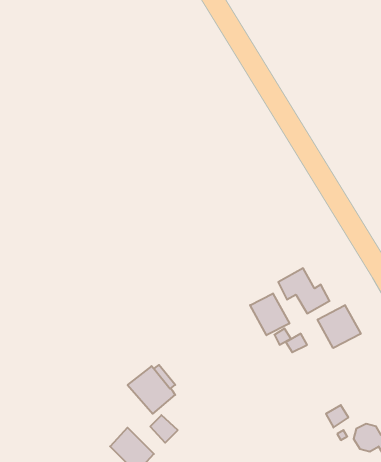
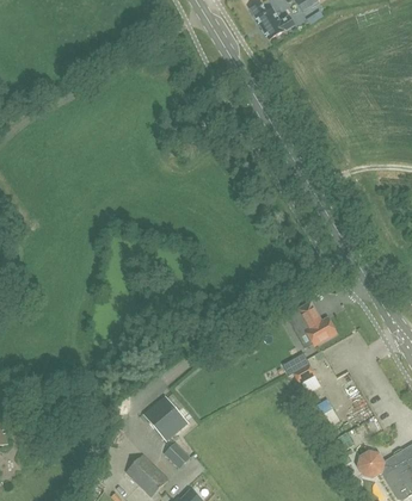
building: [250,293,289,335] -> none
building: [318,305,361,348] -> none

